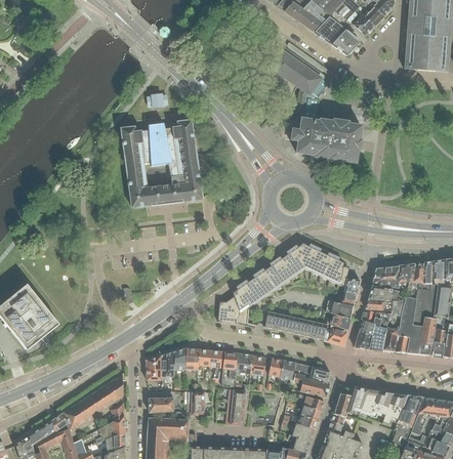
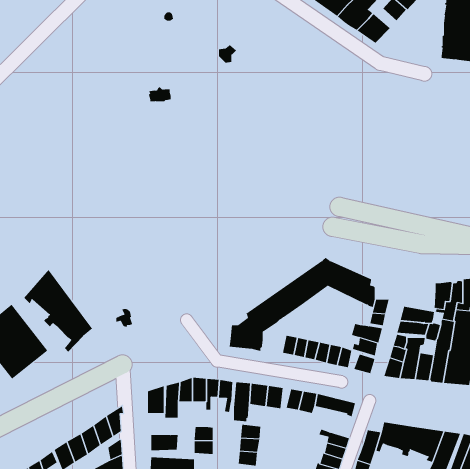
building: [265,49,361,162] -> none
building: [121,119,202,209] -> none
building: none -> [23,269,93,352]
building: [372,265,399,287] -> none
building: [293,373,329,397] -> none

